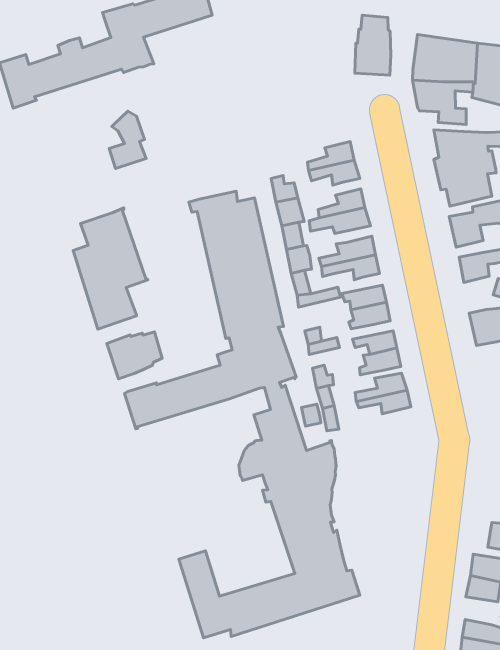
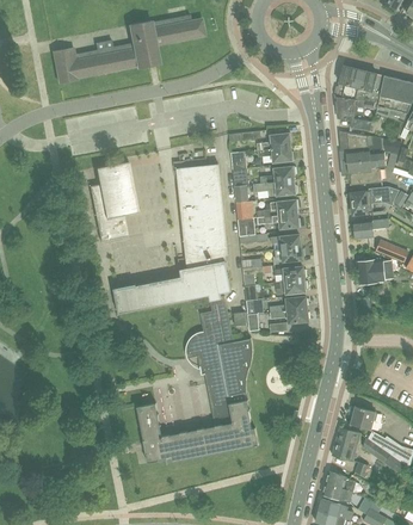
building: [355,15,391,75] -> none
building: [109,111,146,169] -> none
building: [107,332,162,379] -> none

